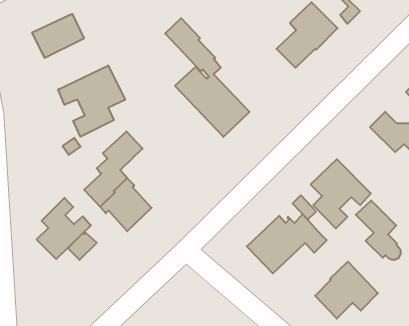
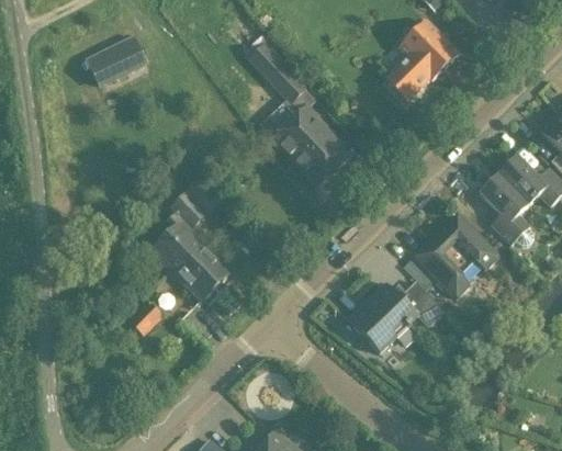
building: [58,65,125,137] -> none
building: [37,198,91,259] -> none
building: [356,200,401,260] -> [479,173,533,246]
building: [315,262,378,319] -> none

